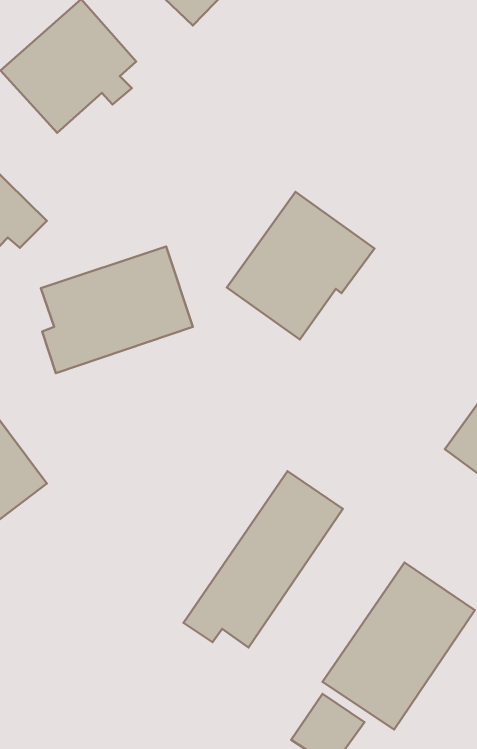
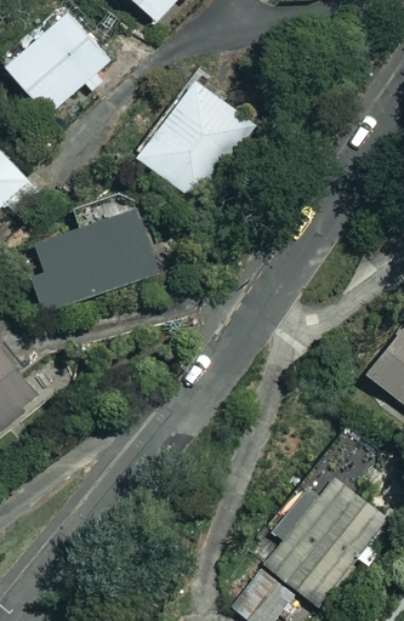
building: [227,192,374,340] -> [136,79,256,199]
building: [184,471,343,648] -> none

